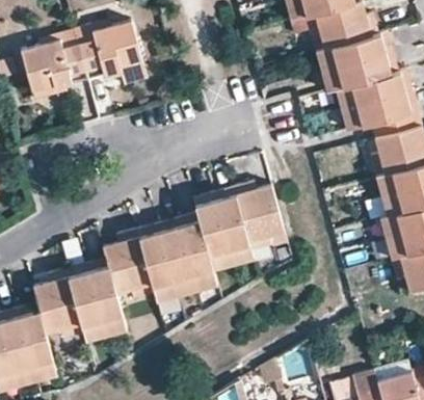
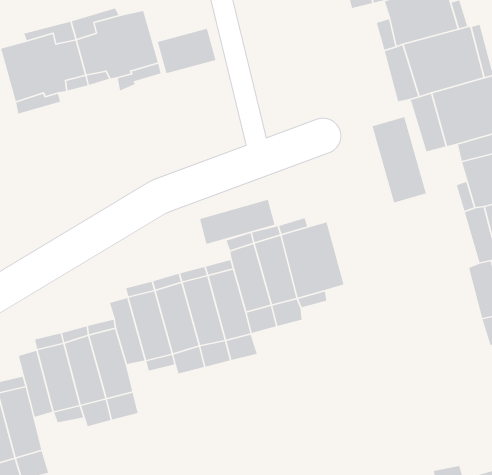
building: none -> [157,28,217,74]
building: none -> [372,116,427,204]
building: none -> [199,199,275,245]

